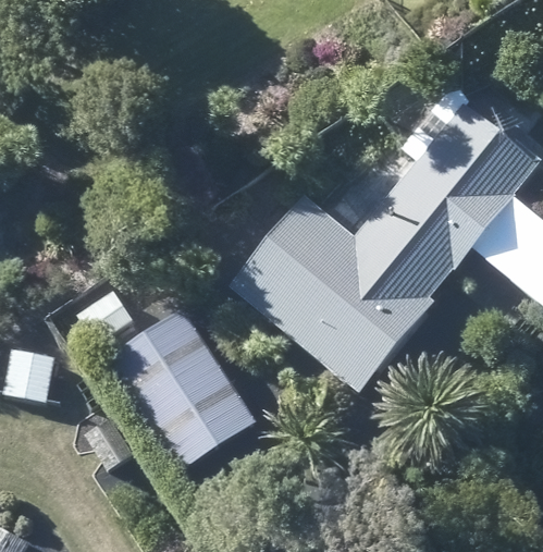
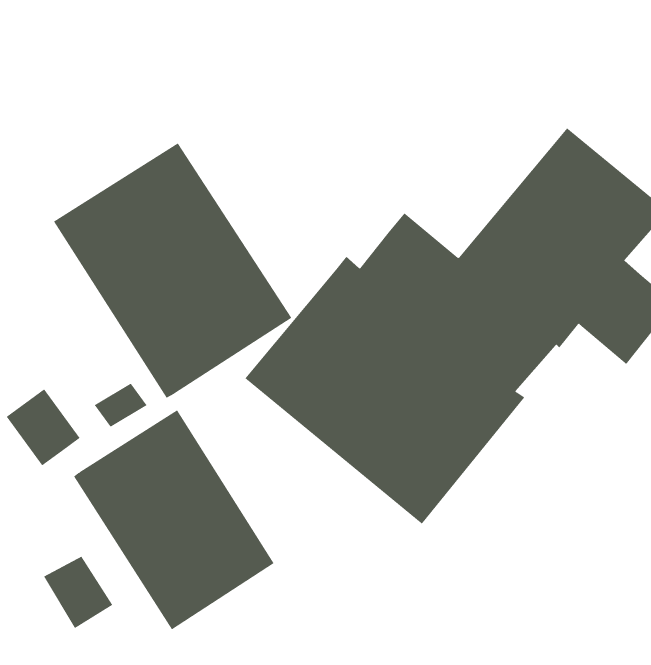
building: none -> [53,143,292,398]

